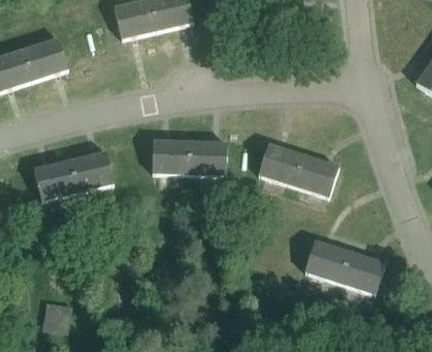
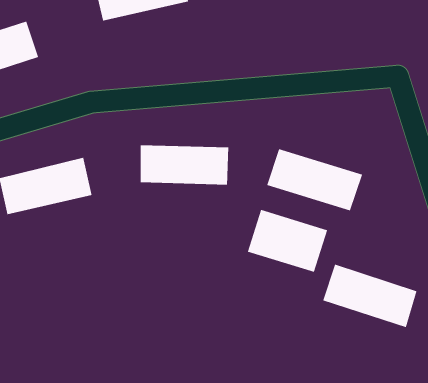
building: none -> [247,209,328,273]
building: [44,303,70,332] -> none

